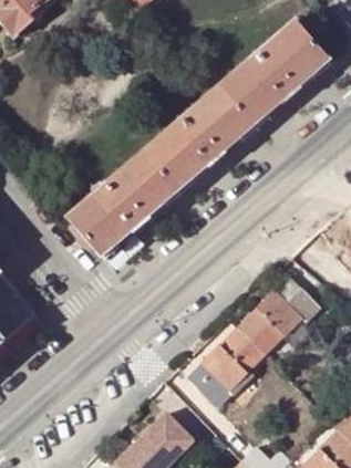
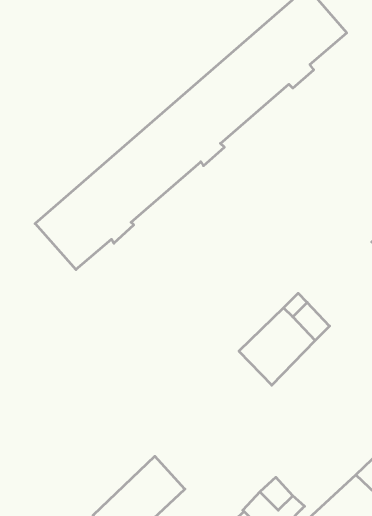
building: [187,326,266,407] -> none

